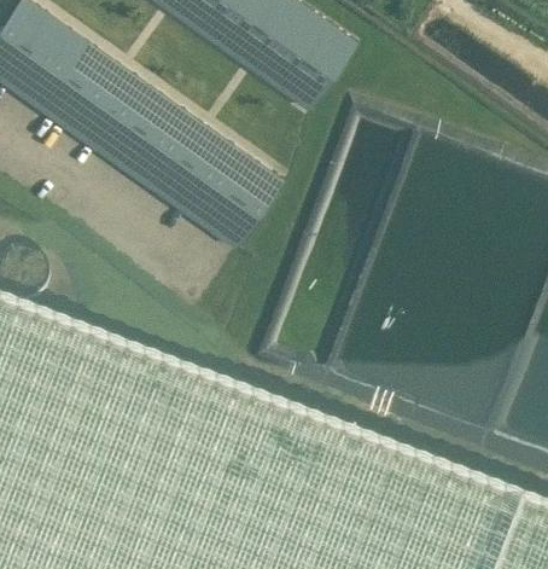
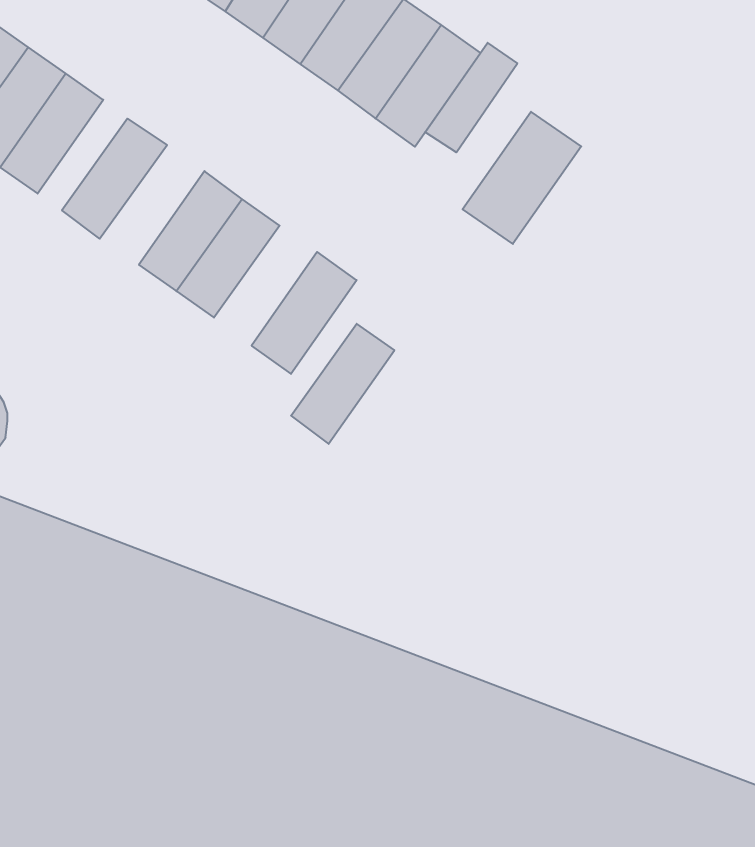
building: none -> [425,43,517,152]
building: [72,69,130,140] -> none
building: none -> [463,112,581,244]
building: [112,98,180,175] -> none
building: [186,150,252,227] -> [291,324,394,444]

